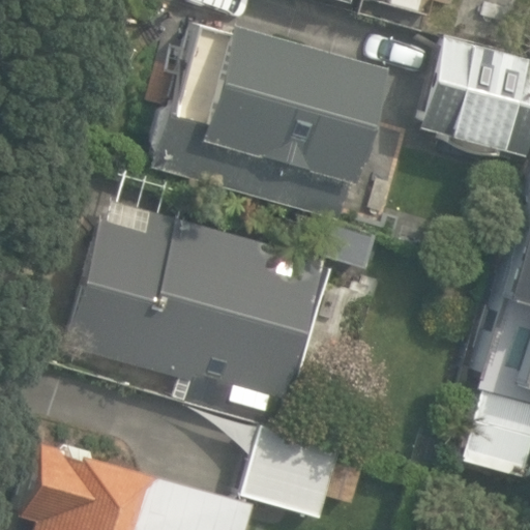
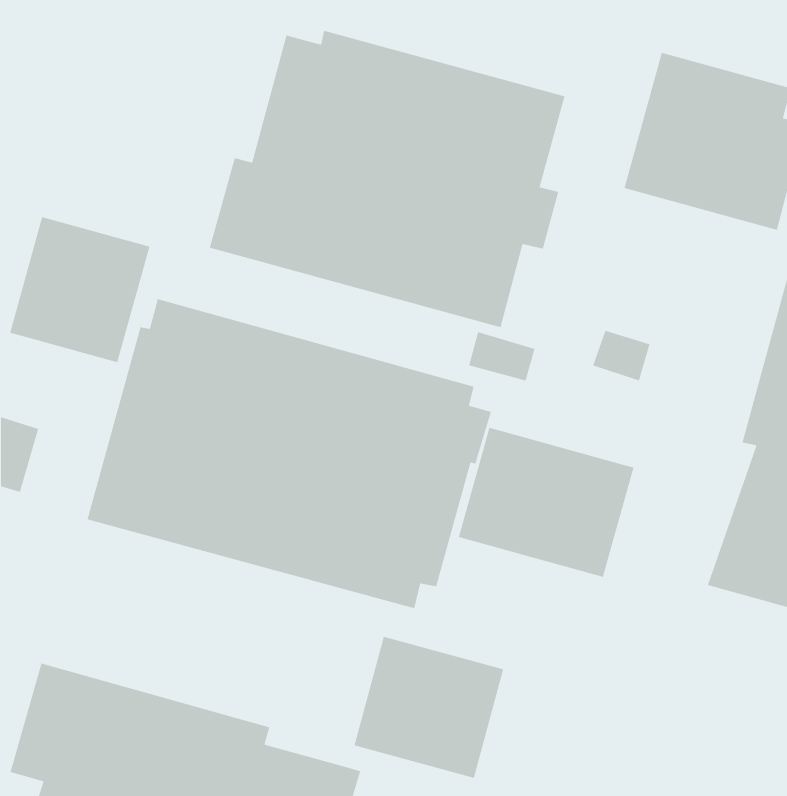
building: none -> [9,216,150,363]
building: none -> [458,427,634,578]

